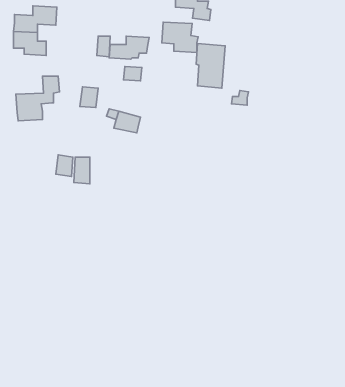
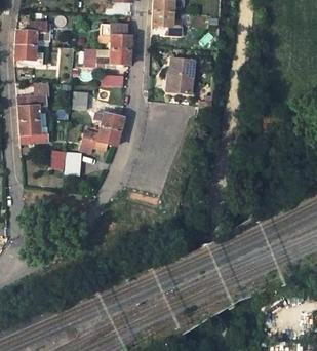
building: [162,22,198,52] -> [101,25,131,50]
building: none -> [19,120,49,145]
building: none -> [80,127,120,153]

